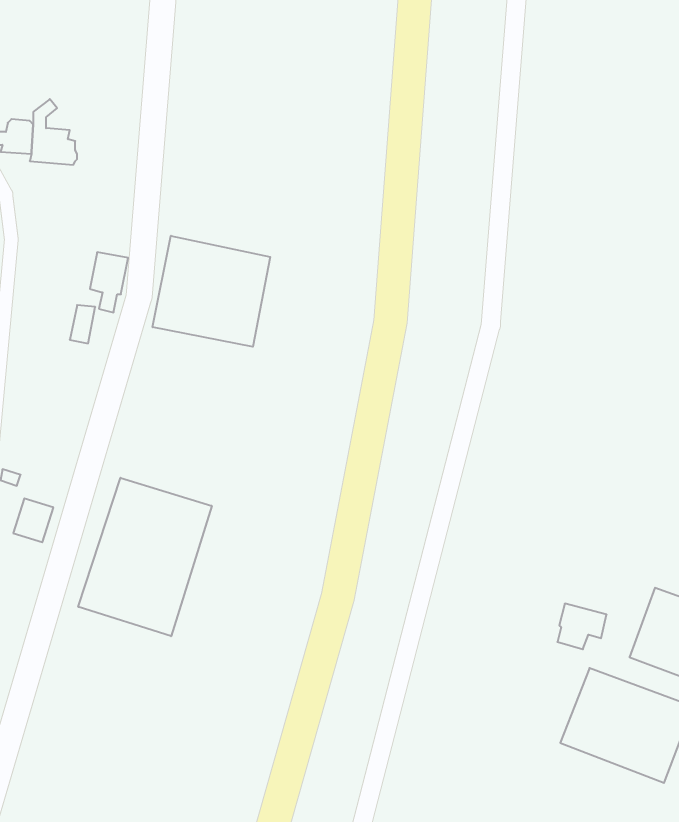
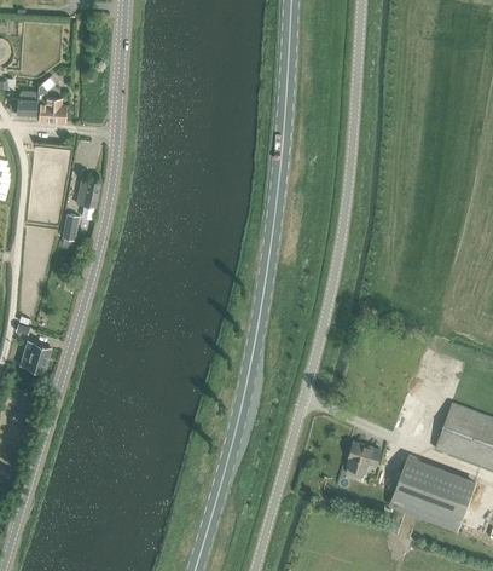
building: [153,236,270,347] -> none
building: [78,478,212,636] -> none
building: [557,604,607,649] -> [347,443,379,473]

